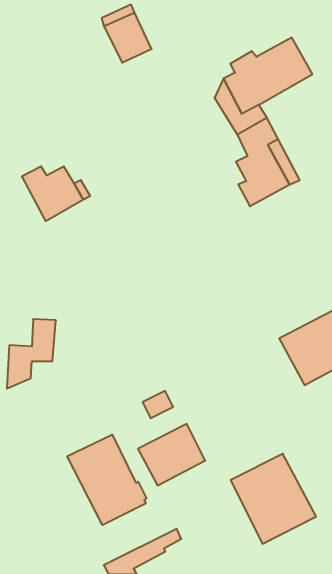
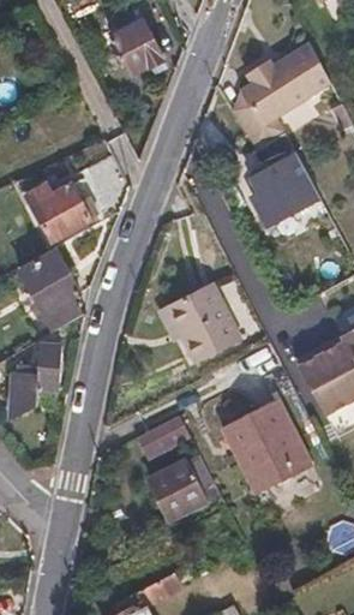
building: none -> [20,251,84,332]
building: none -> [166,282,240,363]
building: [67,434,146,525] -> none
building: [231,454,316,544] -> [221,399,311,494]

